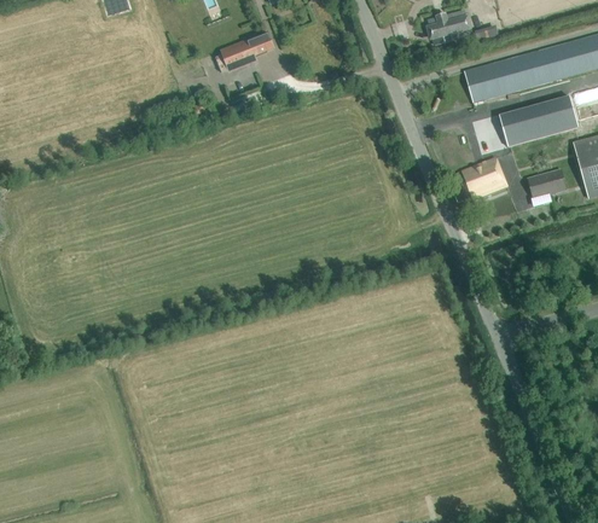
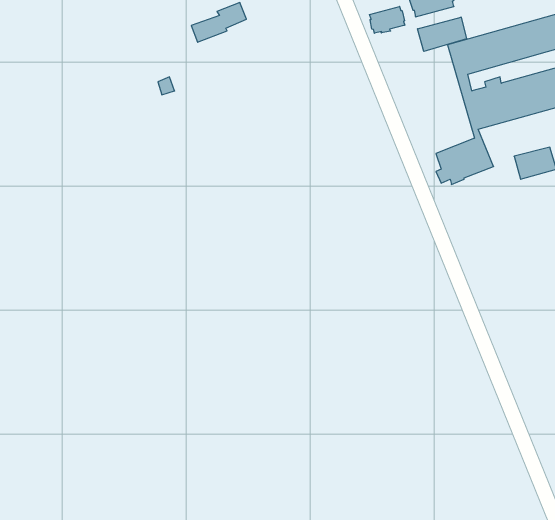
building: none -> [369,6,405,33]
building: none -> [418,17,467,51]

